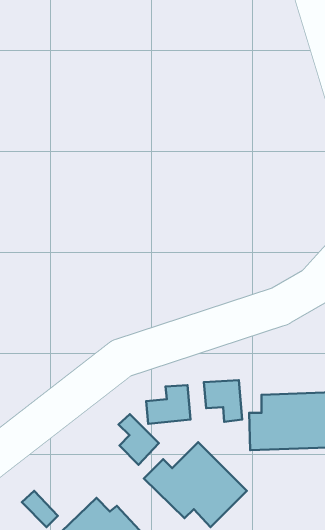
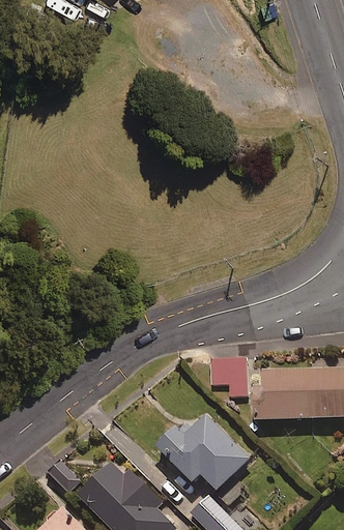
building: [146,385,190,424] -> none
building: [119,414,159,465] -> none

